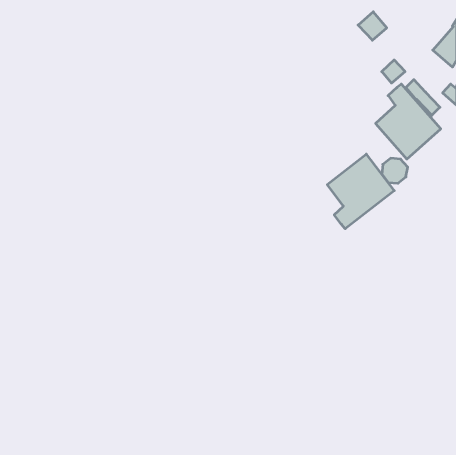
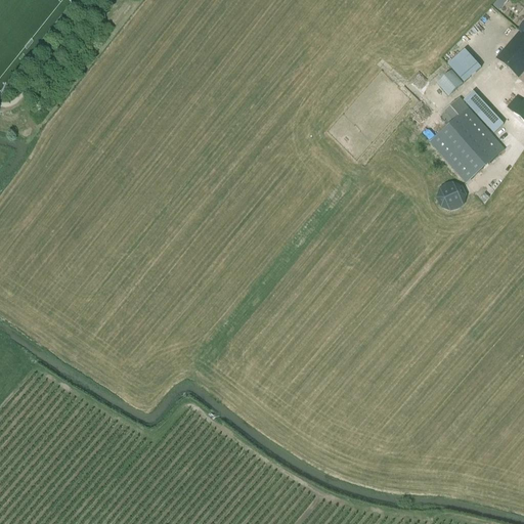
building: [358,12,387,40] -> [449,48,482,81]
building: [327,154,394,229] -> none

